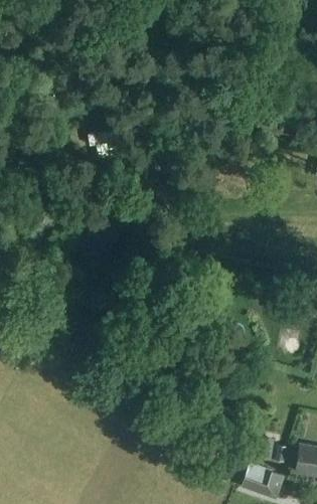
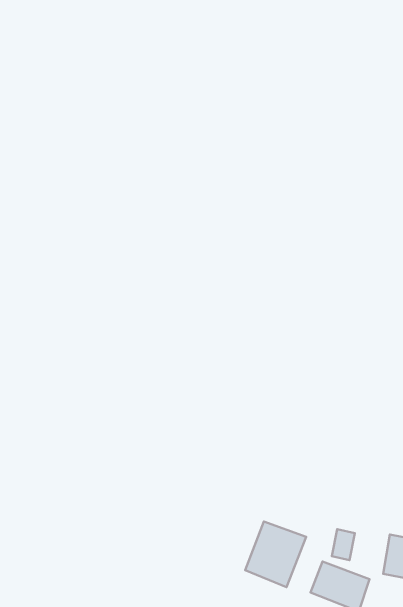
building: none -> [245,521,306,587]

